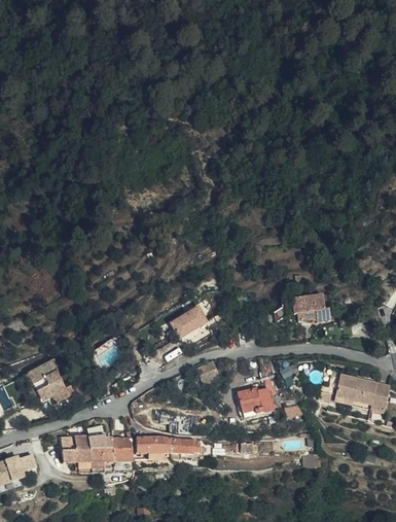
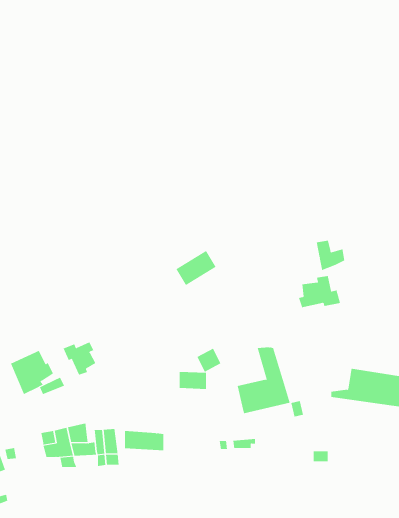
building: none -> [316,240,345,271]
building: [173,305,211,338] -> [175,250,217,286]
building: none -> [63,342,96,376]
building: [170,439,195,455] -> [179,372,207,389]

